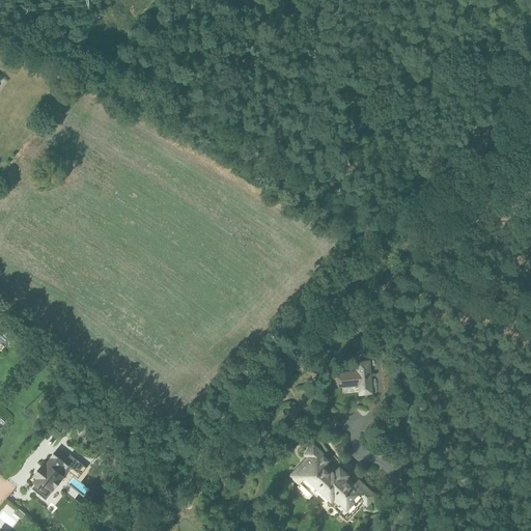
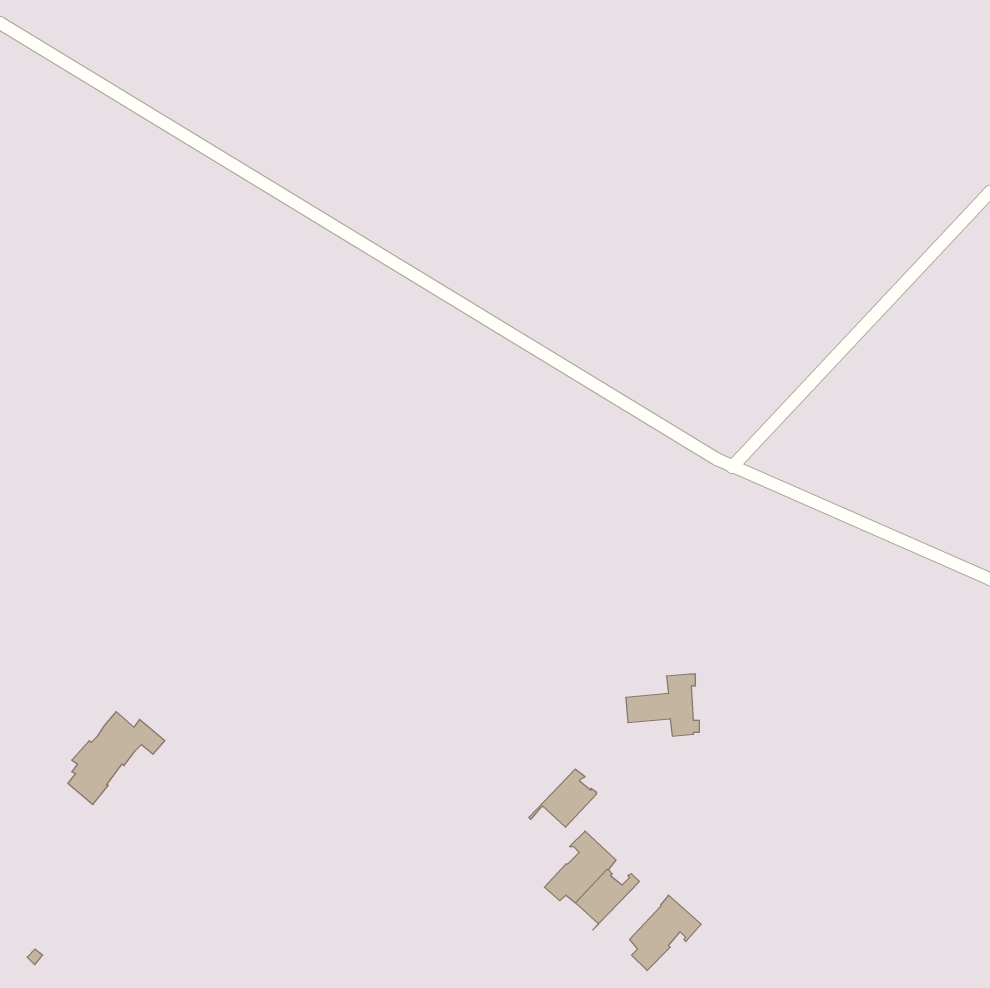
building: [32,449,84,499] -> [68,712,165,805]
building: [317,472,354,503] -> [529,769,597,827]

